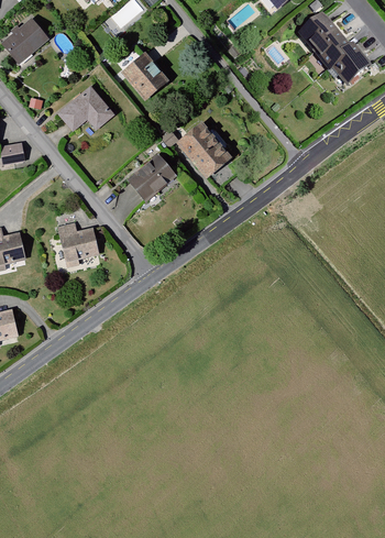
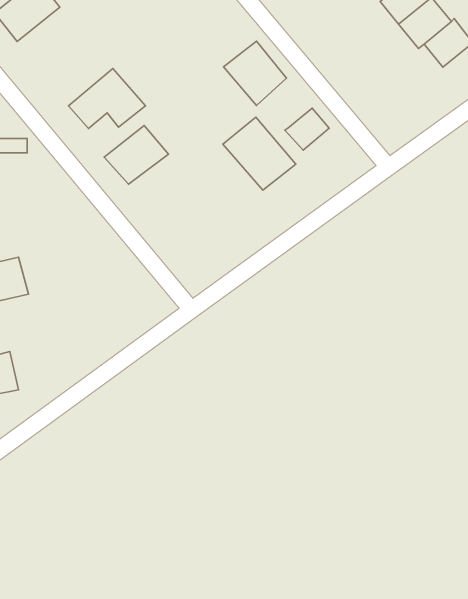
building: [120,53,168,102] -> [224,41,286,105]
building: none -> [285,108,329,150]
building: [126,155,176,200] -> [104,126,169,184]
building: [57,222,99,261] -> none

